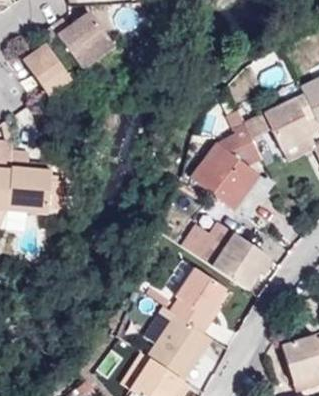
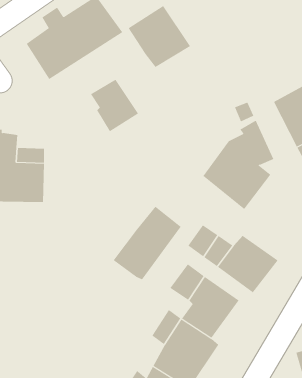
building: none -> [128,5,191,68]
building: none -> [90,79,139,132]
building: none -> [113,206,182,280]

